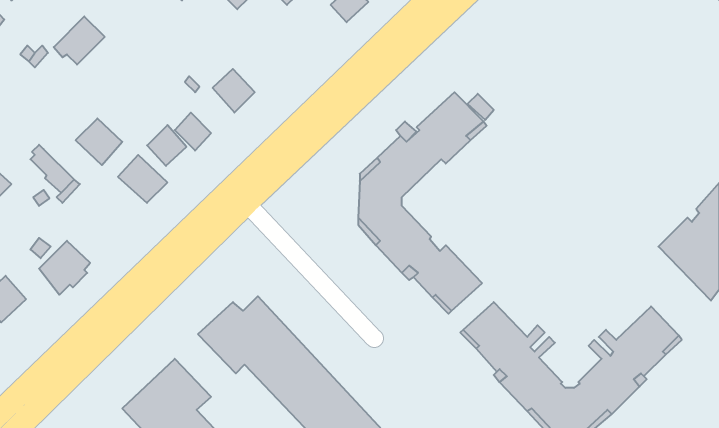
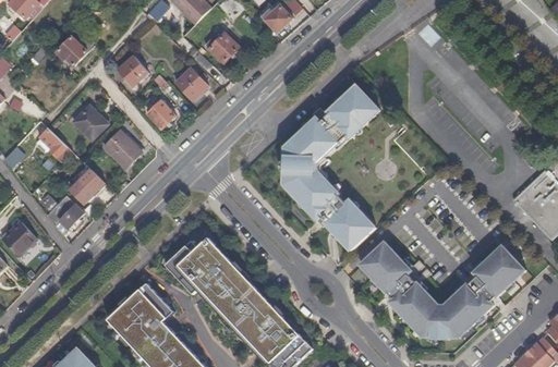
building: none -> [204,32,239,62]
building: [147,125,186,166] -> [117,54,146,85]
building: none -> [70,169,104,203]

